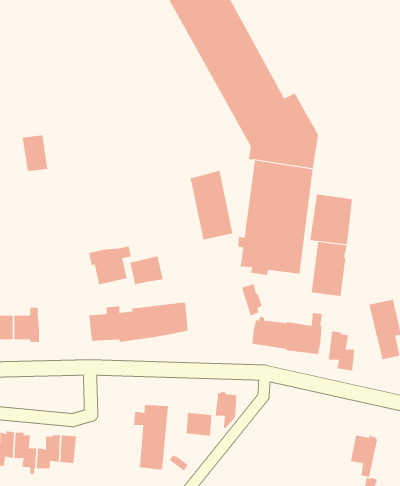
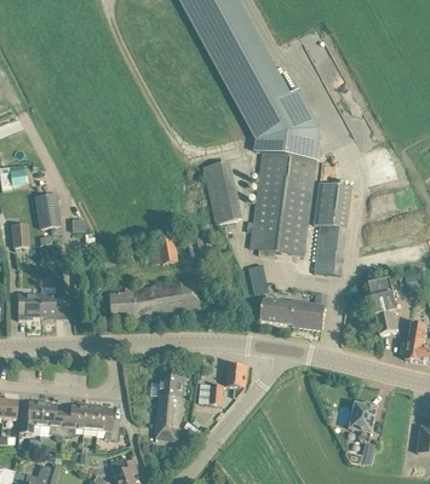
building: [22,135,48,172] -> [35,194,59,227]
building: [89,245,132,285] -> none
building: [328,330,355,372] -> none
building: none -> [96,404,117,439]

